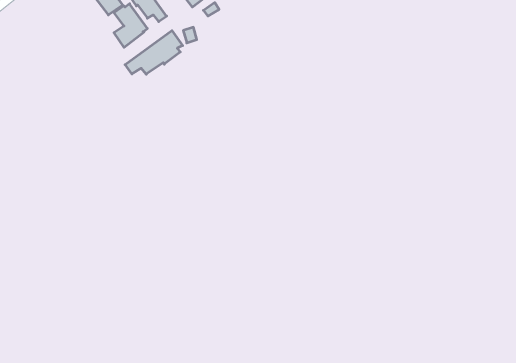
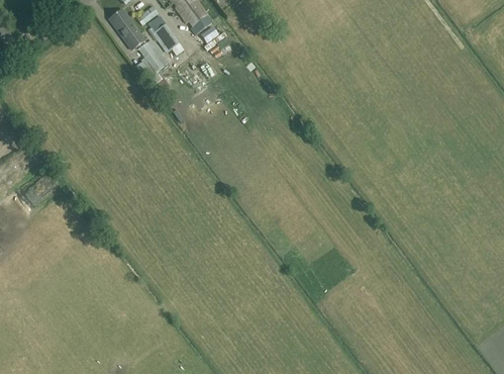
building: [125,31,183,74] -> none

